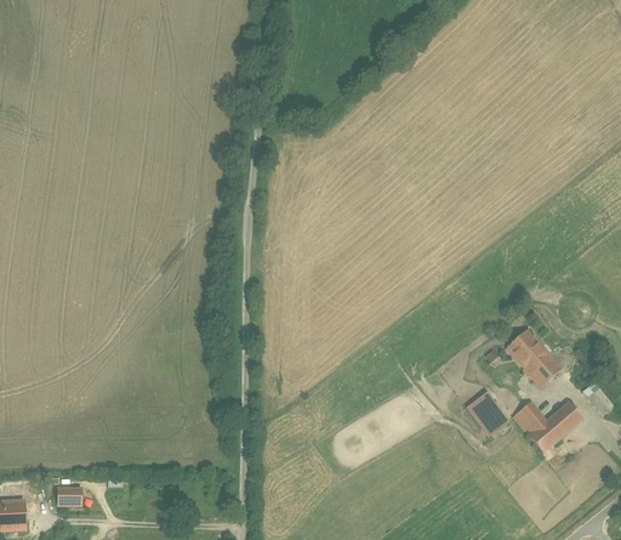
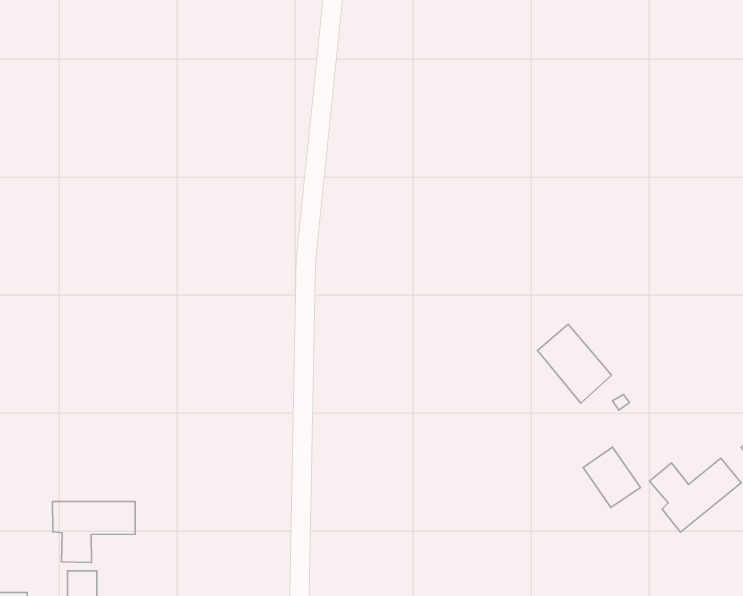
building: [505,325,563,387] -> [537,324,612,403]
building: none -> [53,502,135,562]

